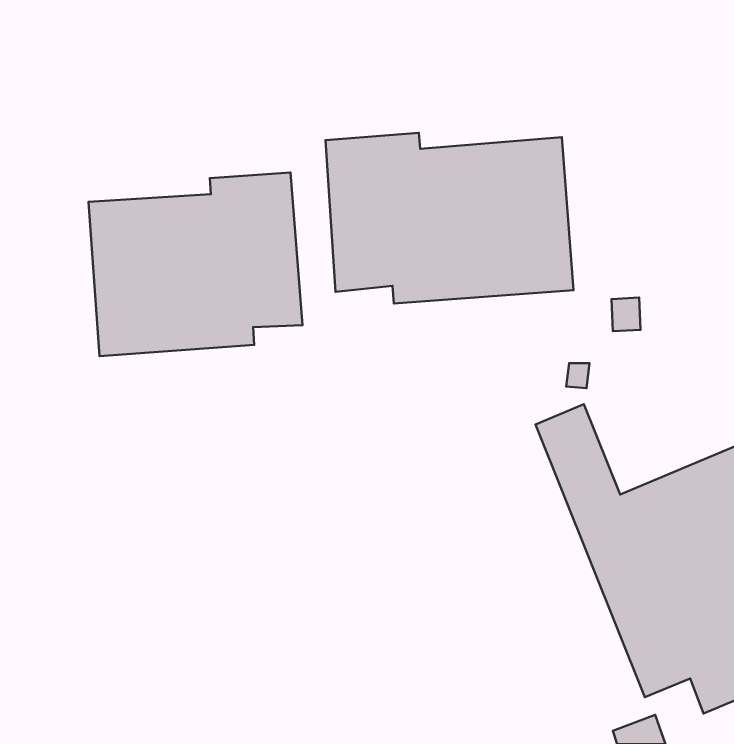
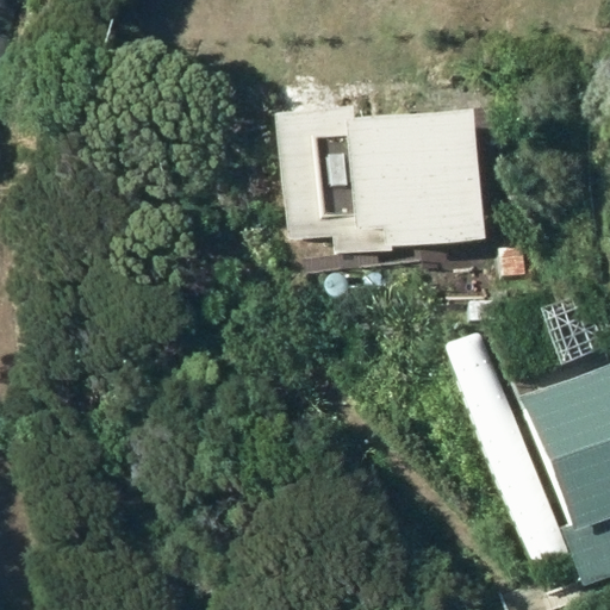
building: [89,173,302,356] -> none

